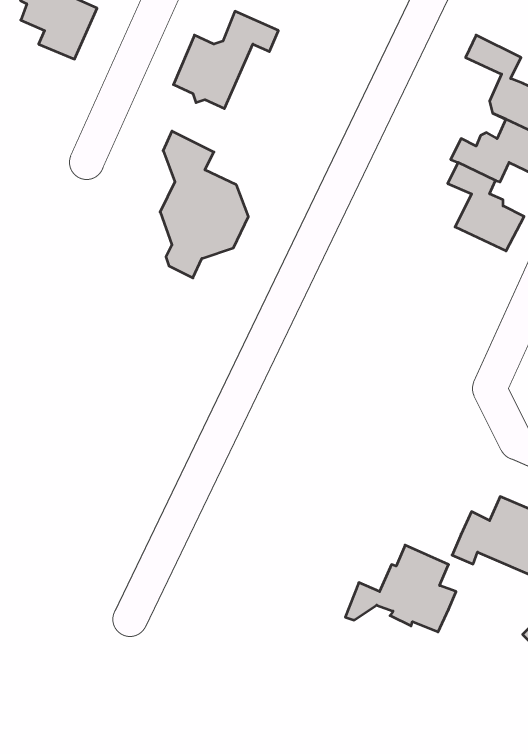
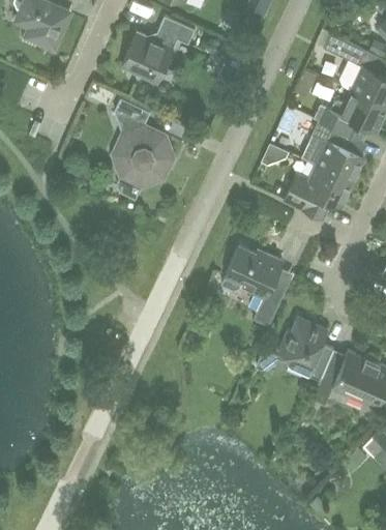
building: none -> [285,165,352,218]
building: none -> [222,246,288,326]
building: [345,545,456,632] -> [257,317,333,377]

